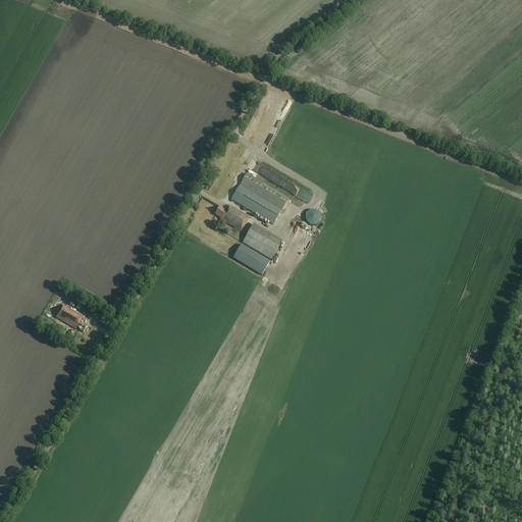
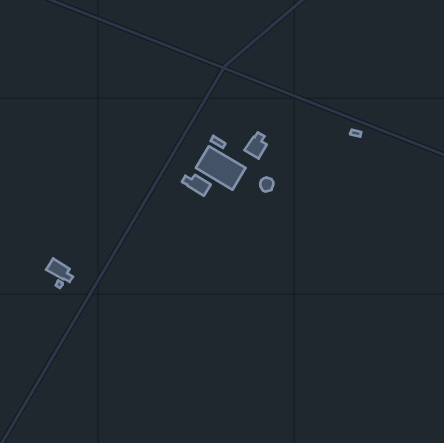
building: none -> [244,132,267,159]
building: [232,222,282,274] -> none

